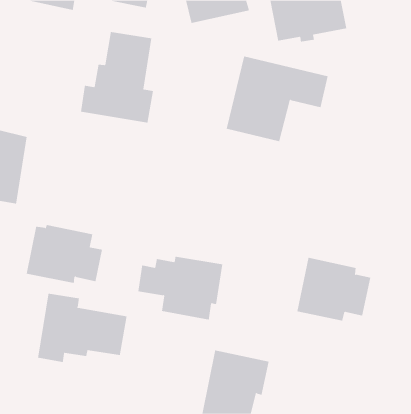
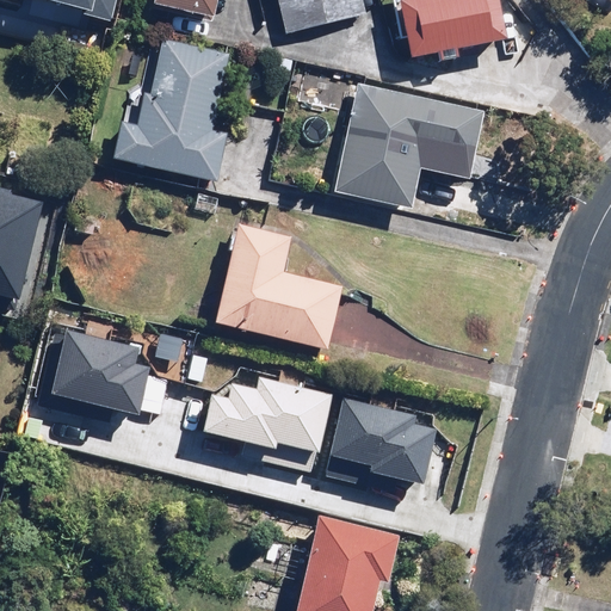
building: none -> [216,222,346,350]
building: [297,257,371,321] -> [326,395,436,489]
building: [37,293,127,363] -> none

